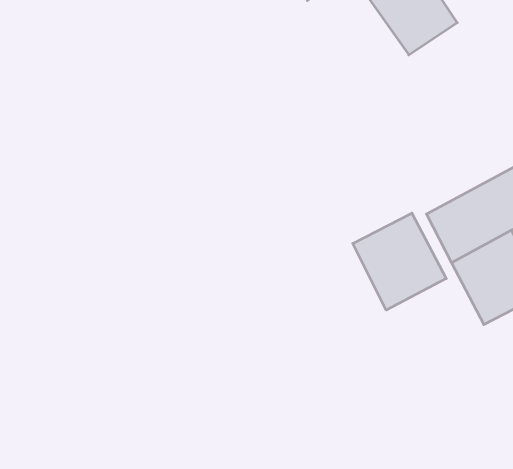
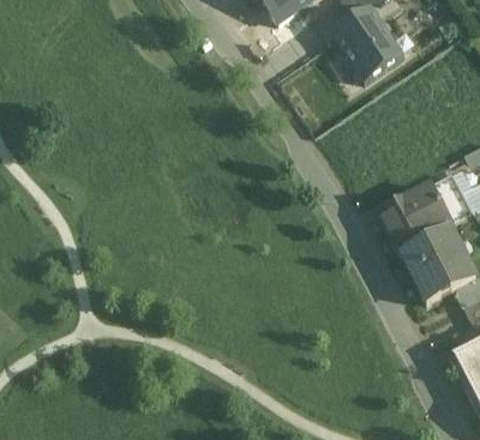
building: [353,213,446,310] -> none

